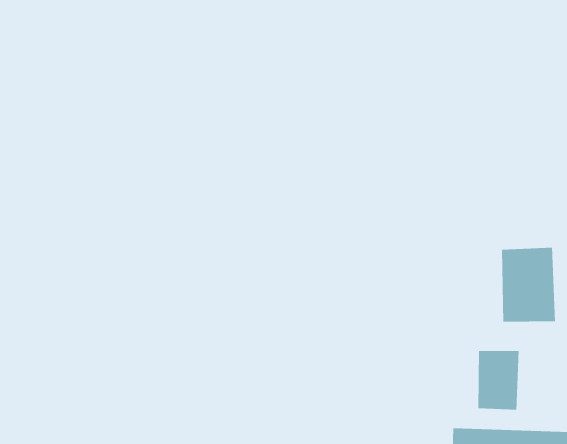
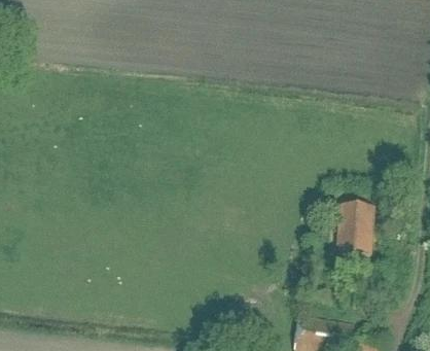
building: [478,350,519,410] -> none

